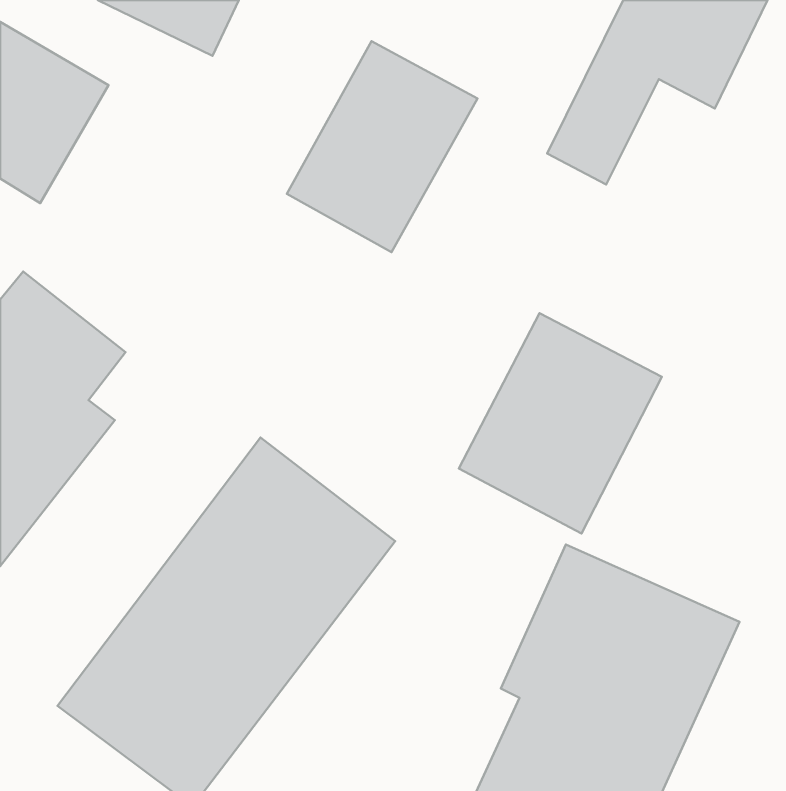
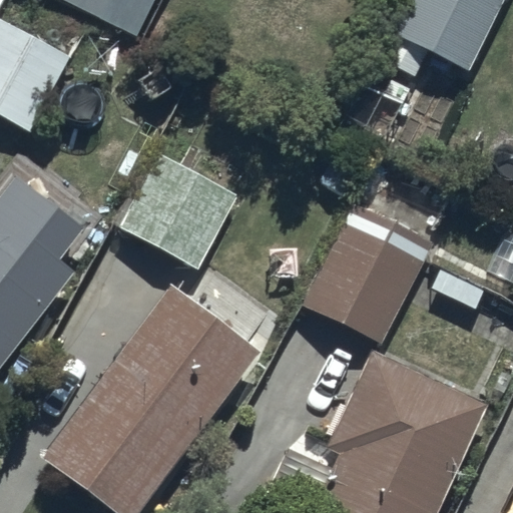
building: [287,41,477,252] -> none
building: none -> [117,151,239,271]

